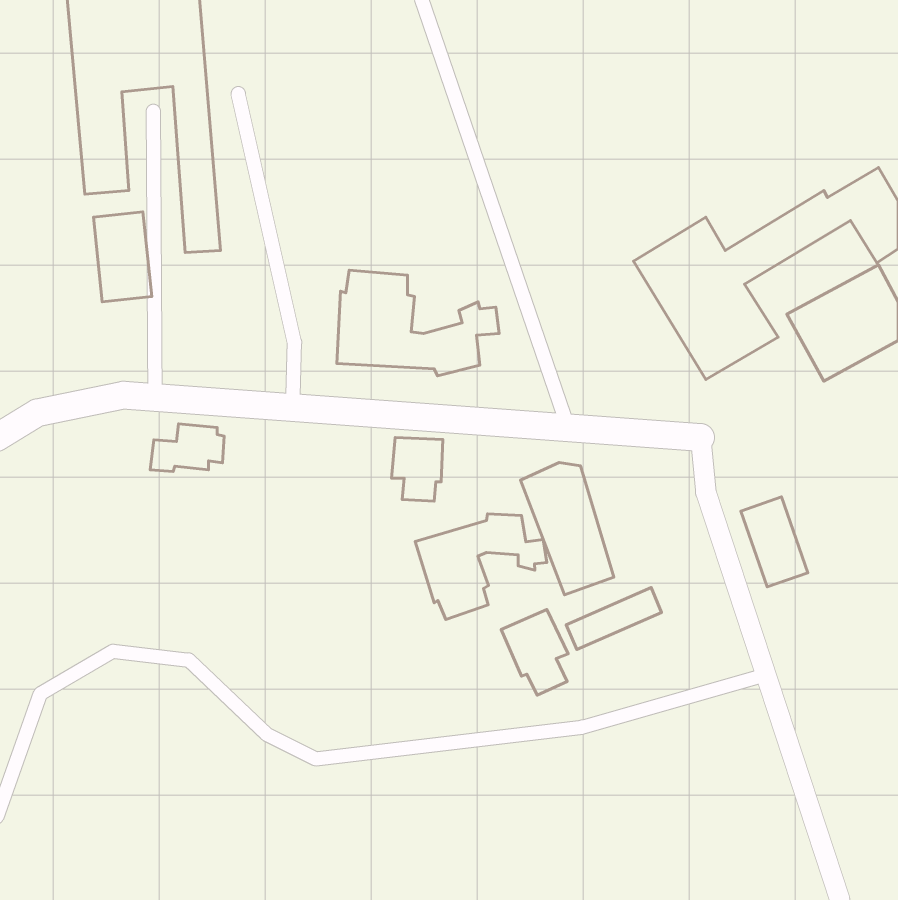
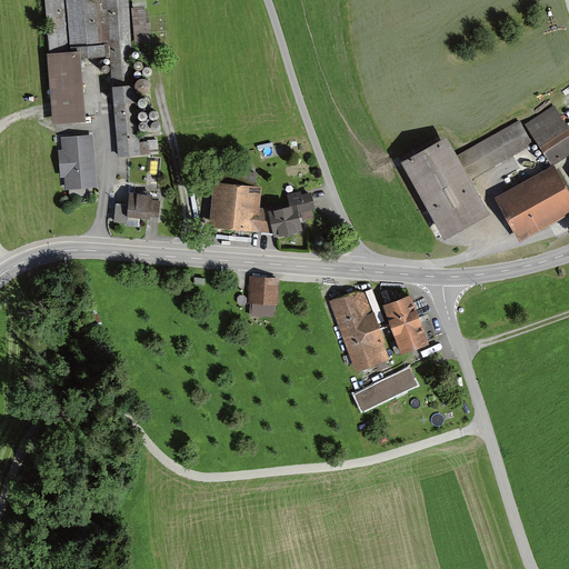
building: [150,424,224,472] -> [111,193,158,223]
building: [741,497,808,587] -> [385,296,427,352]
building: [415,514,547,619] -> none
building: [501,610,568,695] -> none

